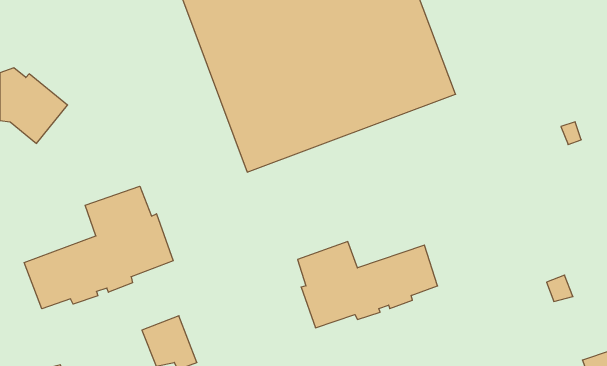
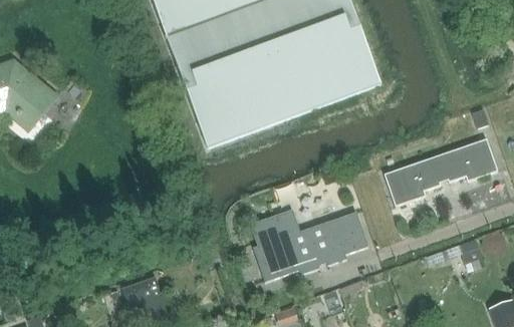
building: none -> [383,137,497,206]
building: [24,186,173,309] -> none

